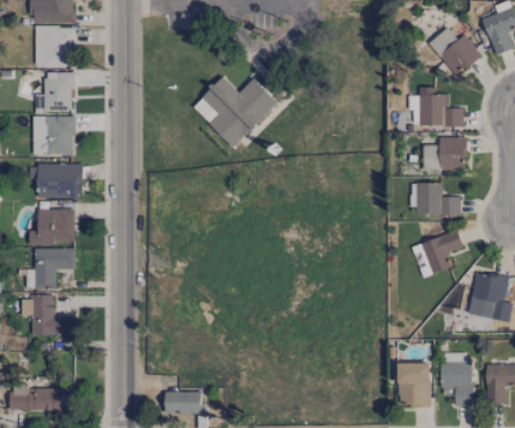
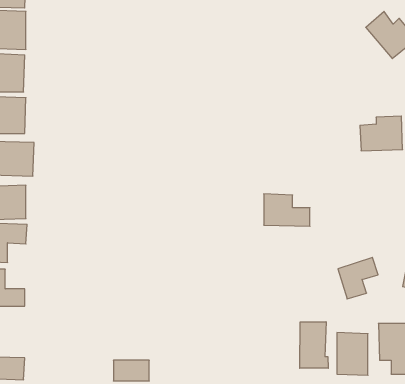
building: [192,76,277,147] -> none
building: [419,87,463,126] -> none
building: [412,182,460,215] -> [264,194,310,226]
building: [421,230,463,273] -> [338,257,378,299]
building: none -> [300,322,328,368]

